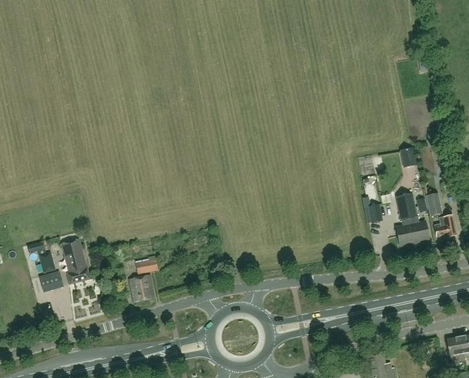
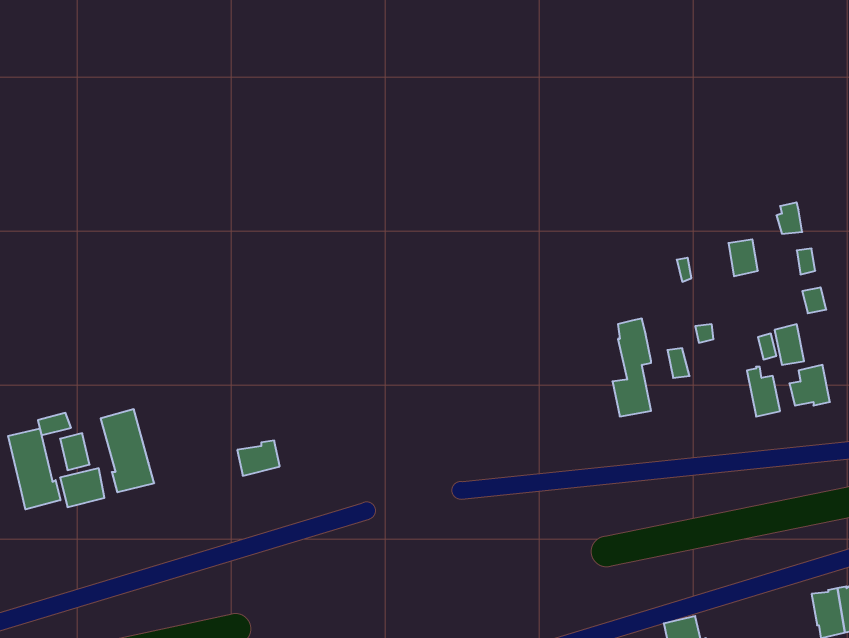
building: [395,193,416,246] -> [612,319,651,416]
building: none -> [8,428,60,509]
building: [129,275,154,302] -> none

